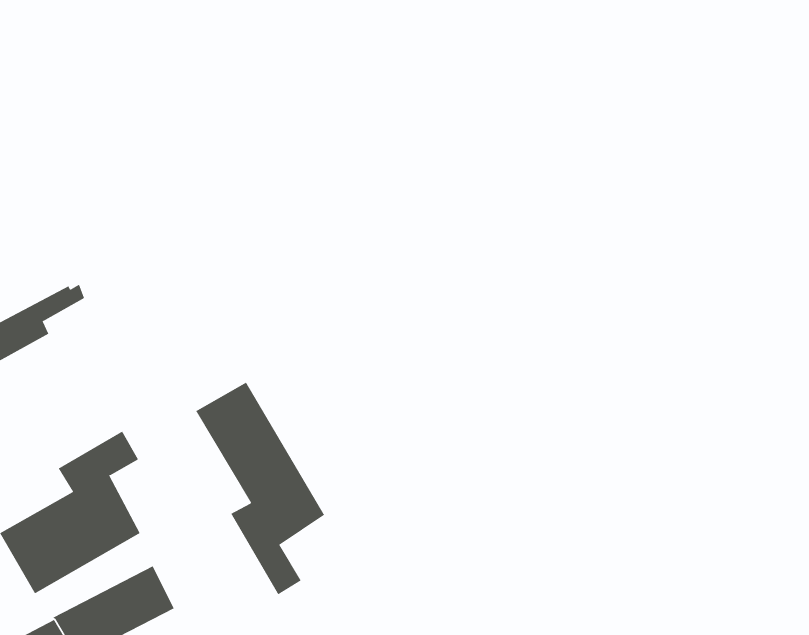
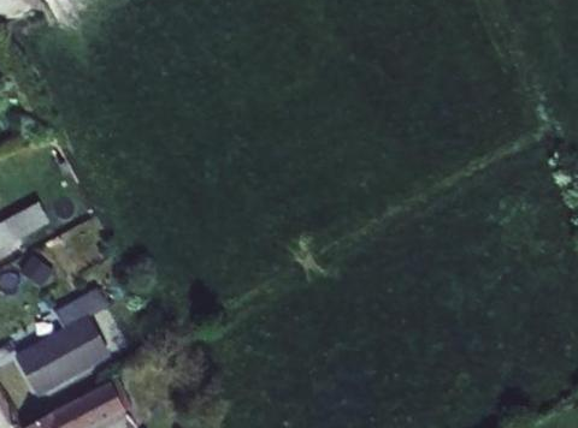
building: [196,382,325,595] -> none

